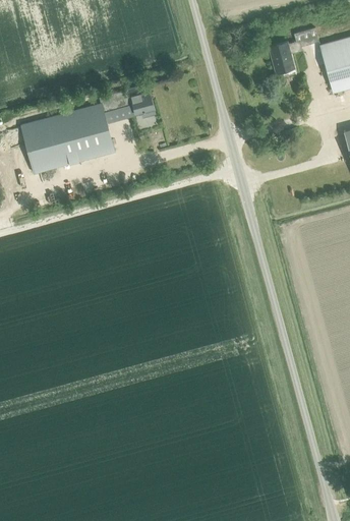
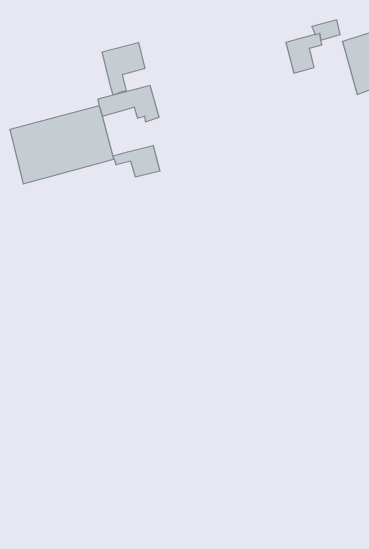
building: none -> [102,42,145,95]
building: none -> [113,145,160,177]

